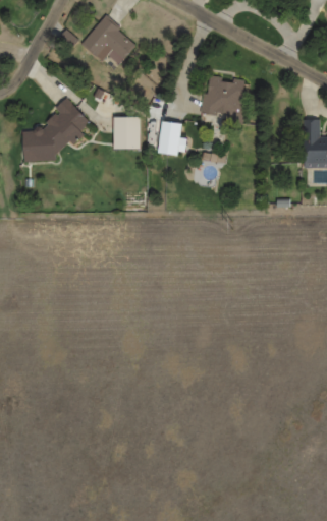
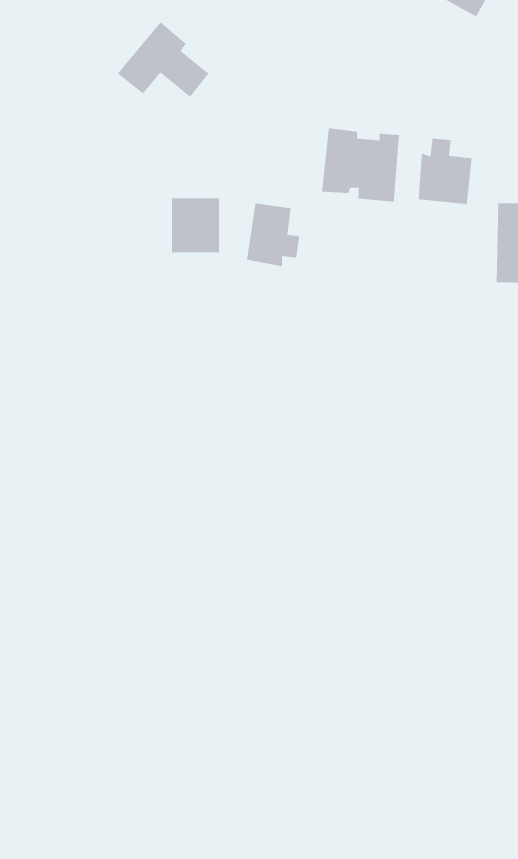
building: none -> [418,138,472,205]
building: [21,93,95,164] -> none

